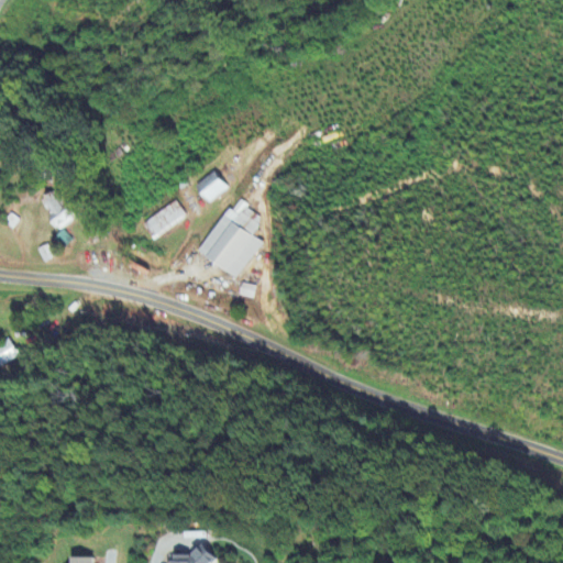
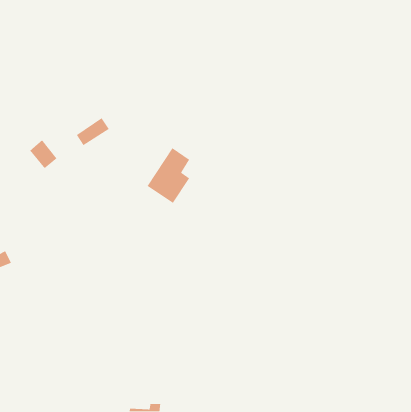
building: [195,170,227,201] -> none
building: [139,200,185,240] -> [76,117,110,146]

